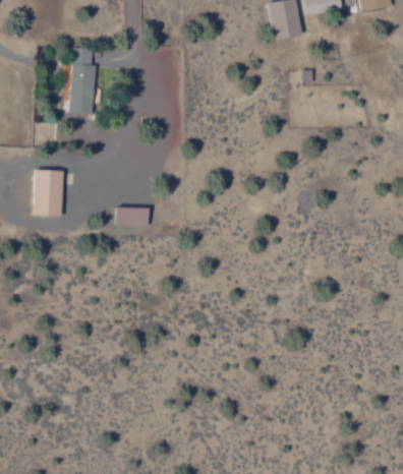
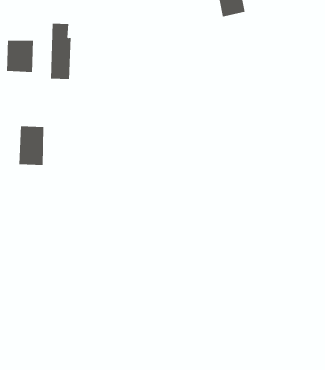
building: none -> [6,40,33,73]
building: [115,206,148,226] -> none

